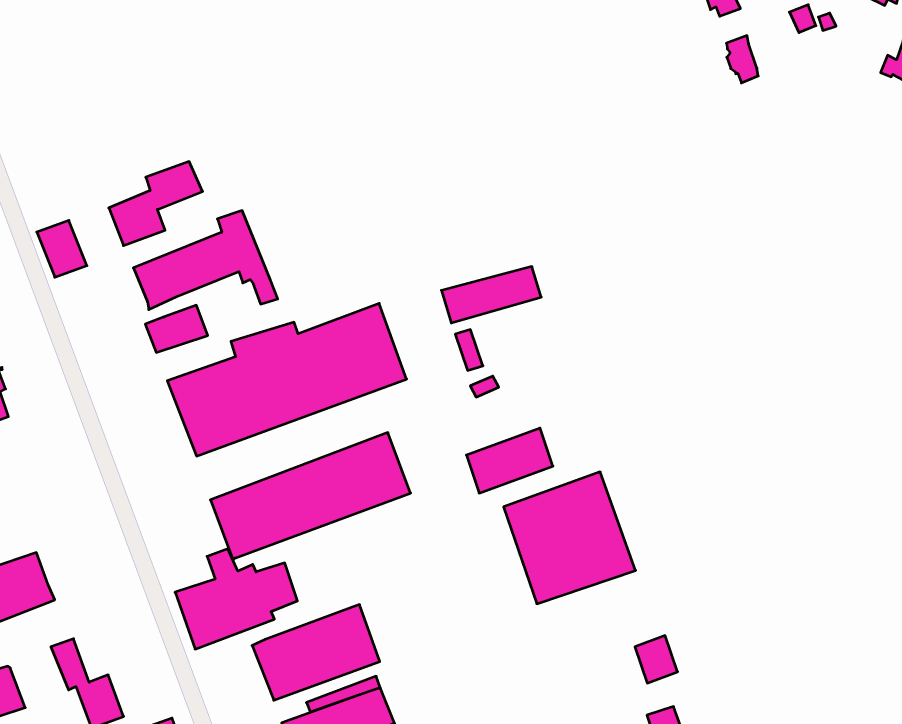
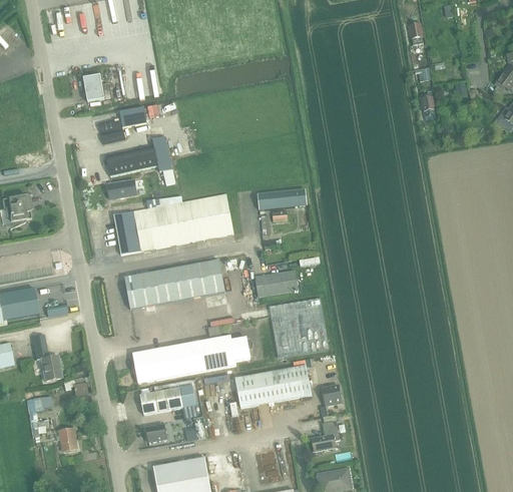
building: [37,220,87,277] -> [83,74,105,101]
building: [175,549,297,649] -> [189,325,249,372]
building: none -> [235,364,312,407]

